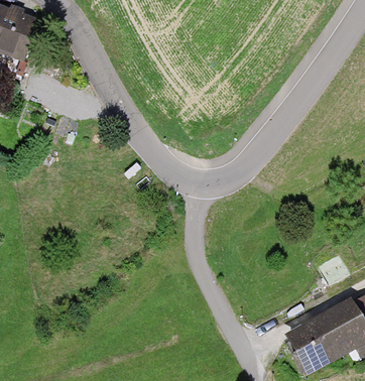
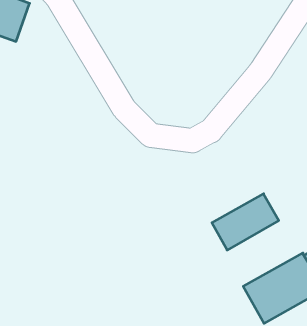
building: none -> [212,194,279,250]

